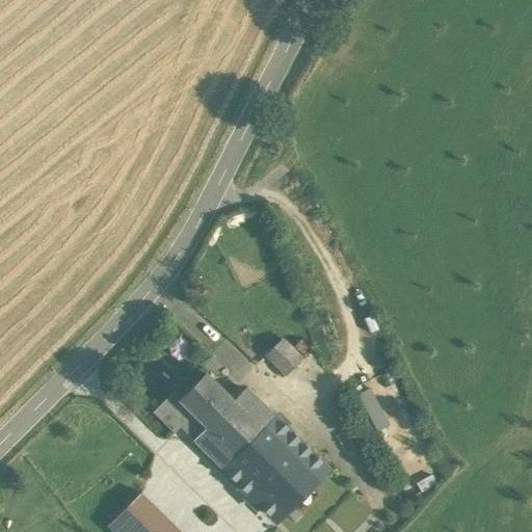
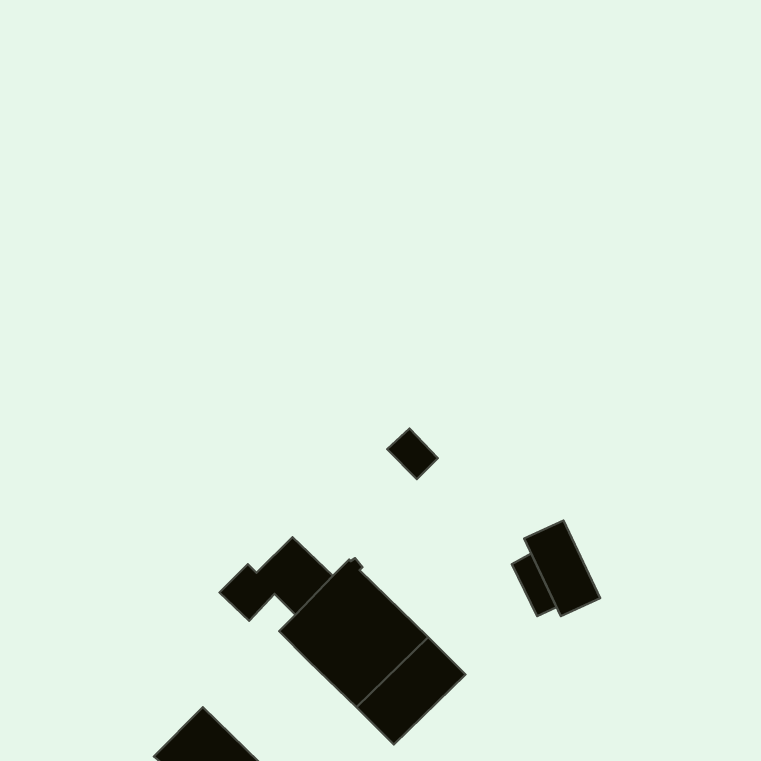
building: [266,341,301,376] -> [387,428,438,479]
building: none -> [524,521,600,616]

